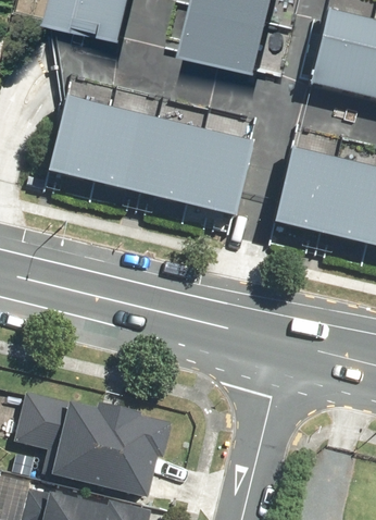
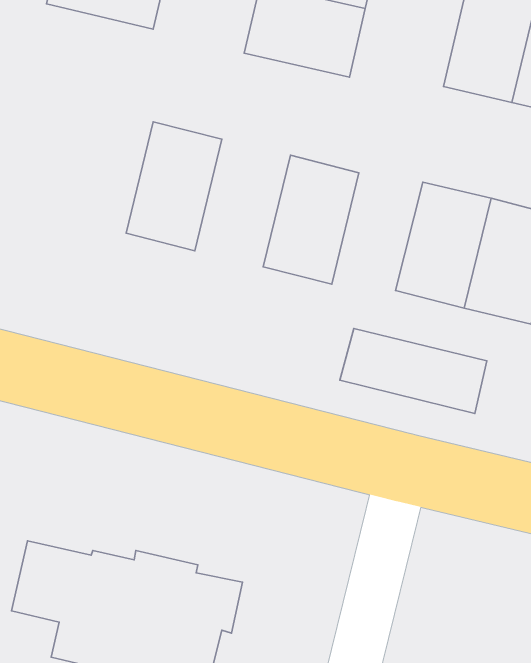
building: [49,95,114,182] -> none
building: [142,117,208,205] -> none
building: none -> [340,328,487,414]

